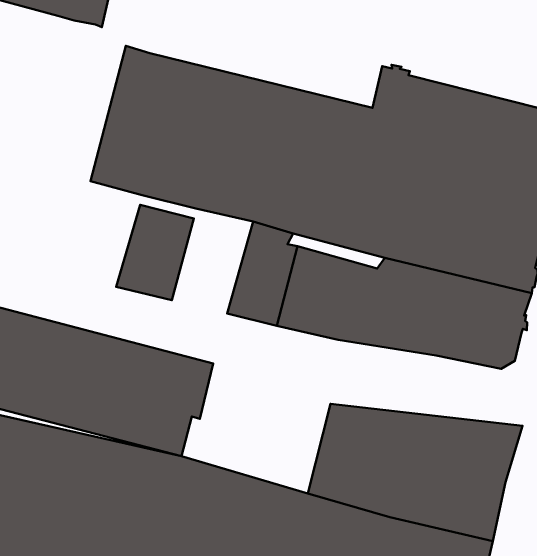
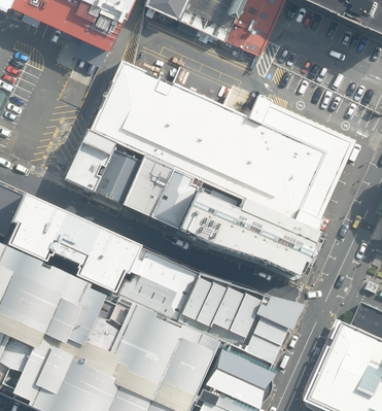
building: none -> [64,131,115,192]
building: none -> [121,157,173,216]
building: none -> [112,242,198,321]

